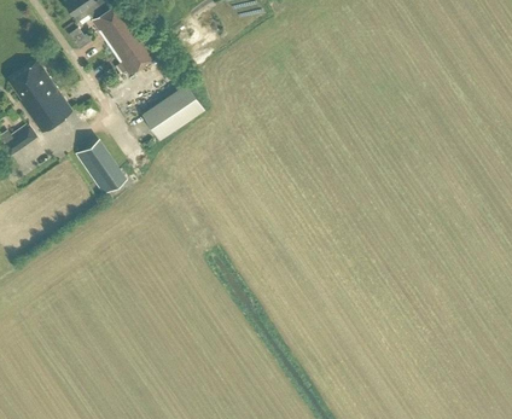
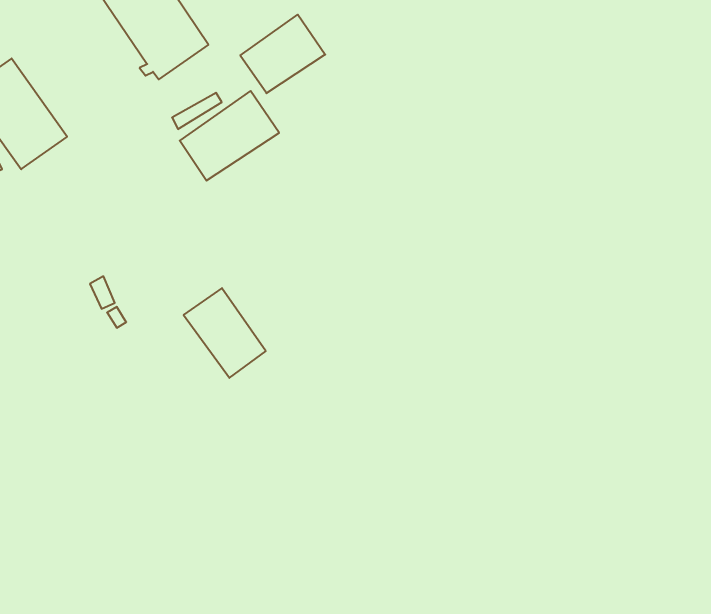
building: none -> [240,15,325,93]
building: [75,138,127,194] -> [184,288,266,378]

